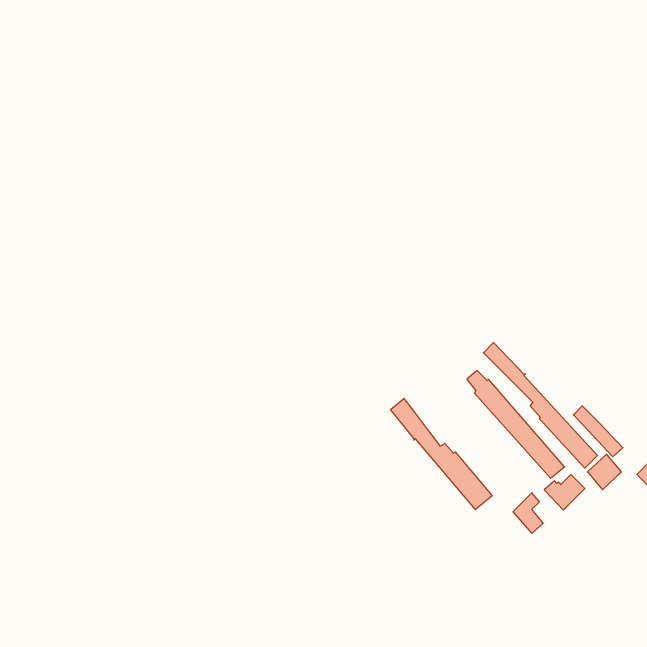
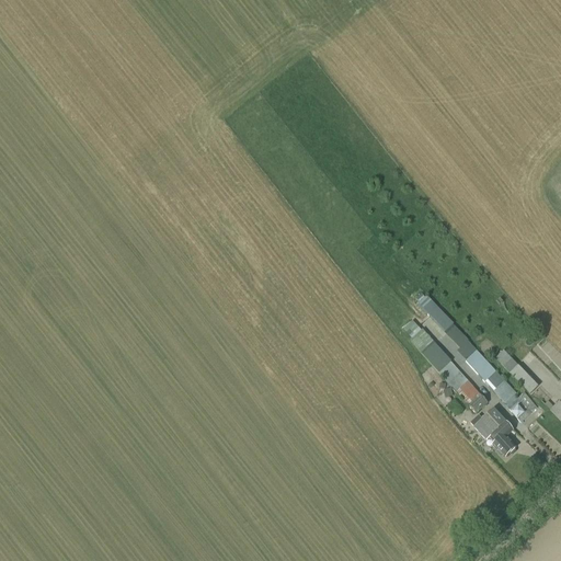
building: [391,398,492,510] -> none
building: [513,493,543,533] -> [490,422,516,457]

